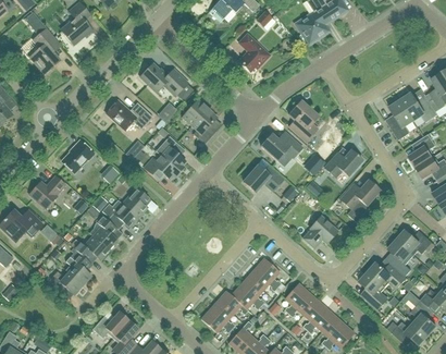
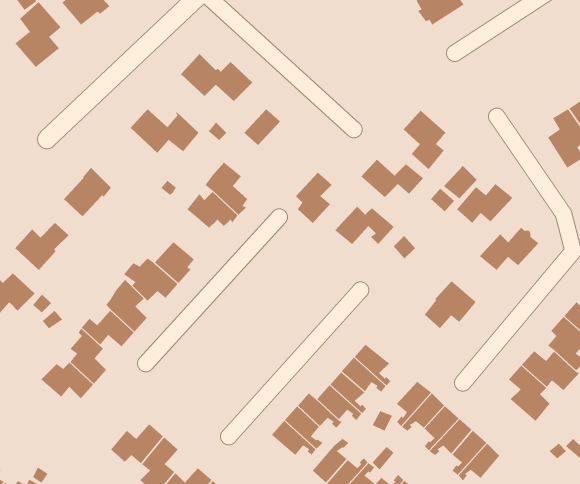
building: [238,33,268,71] -> none
building: [191,108,216,143] -> [295,172,332,224]

